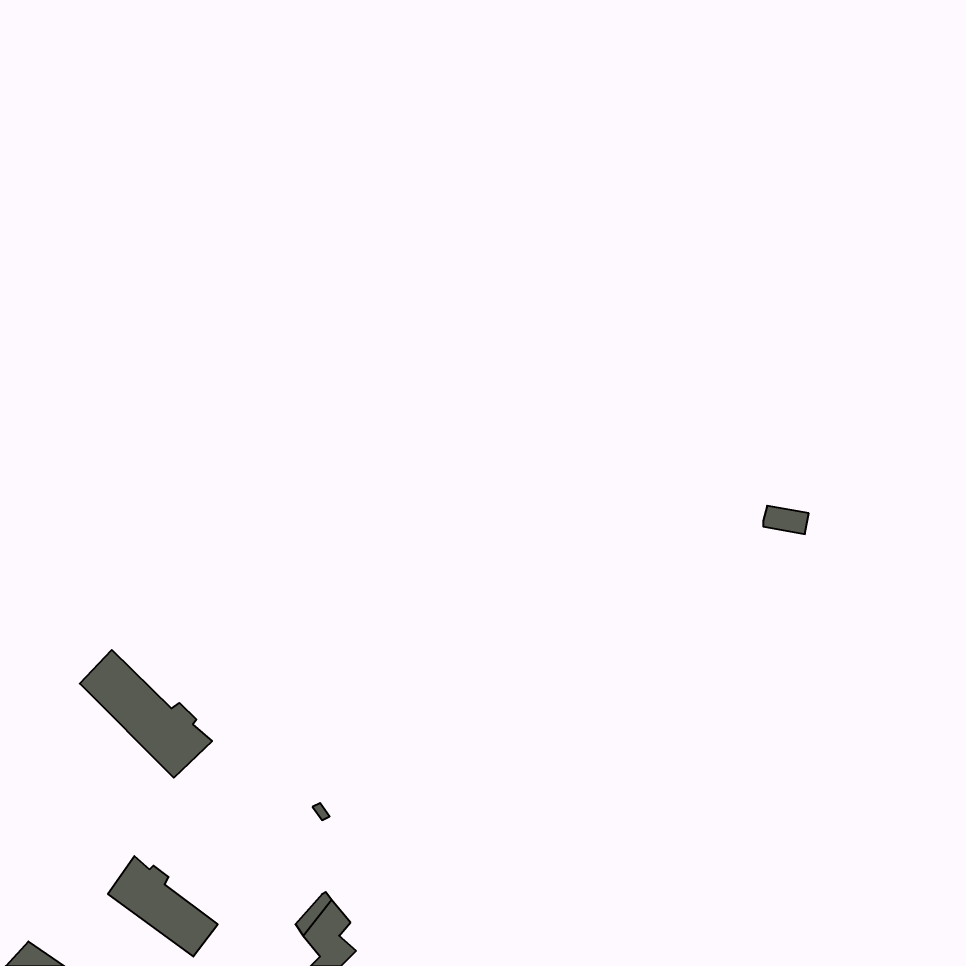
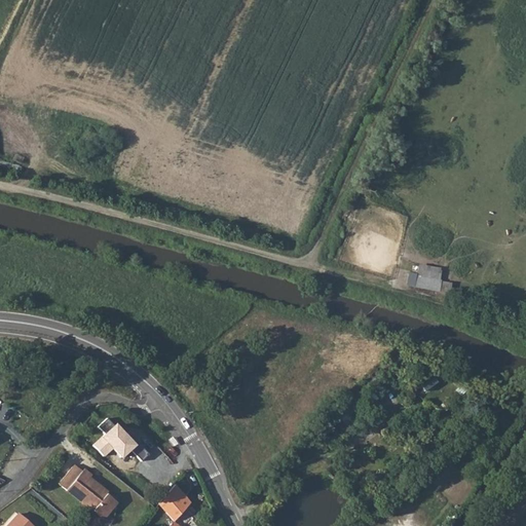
building: [80,650,212,778] -> none
building: none -> [92,422,136,458]

